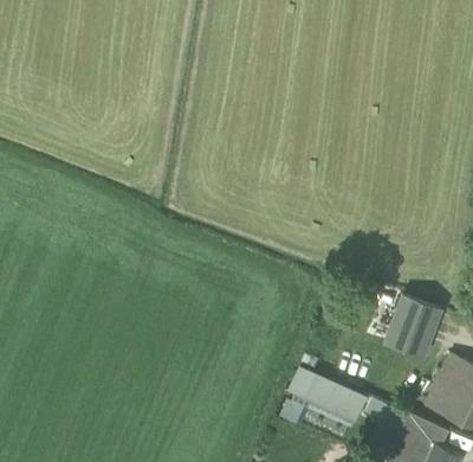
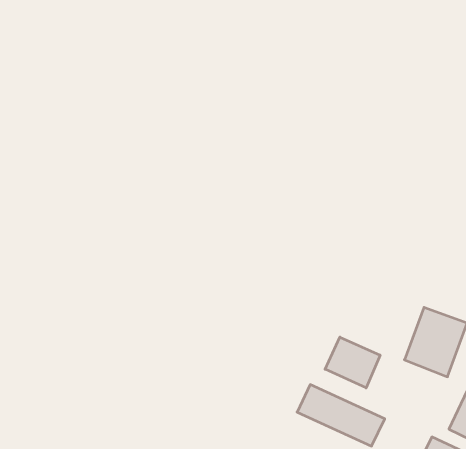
building: none -> [325,337,380,388]

